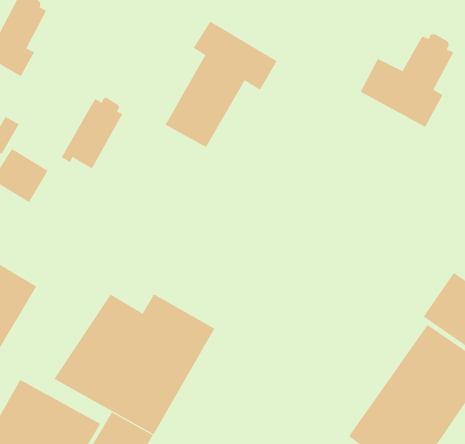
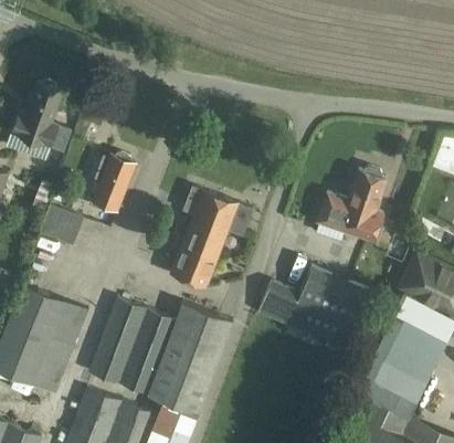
building: [164,21,278,148] -> [170,188,252,288]
building: [360,34,454,127] -> [317,168,387,243]
building: none -> [257,266,370,350]
building: none -> [87,297,147,382]

